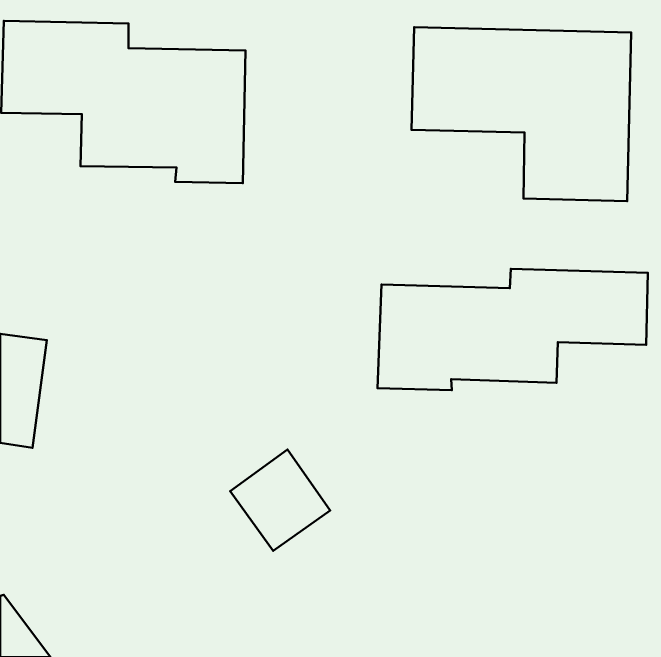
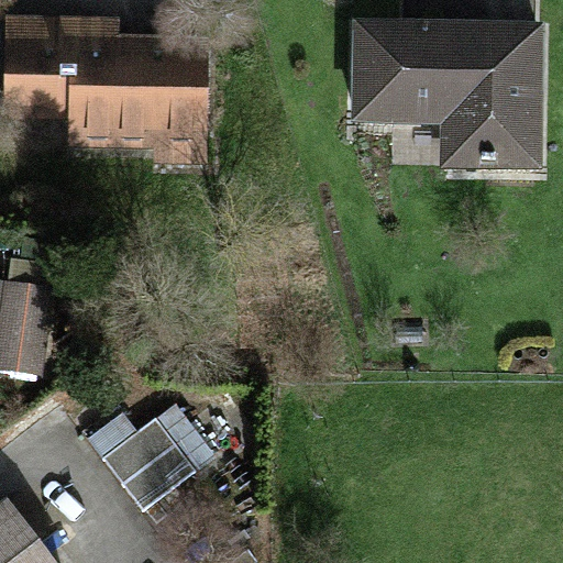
building: [378,269,648,390] -> none
building: [230,450,330,551] -> [108,416,192,501]

